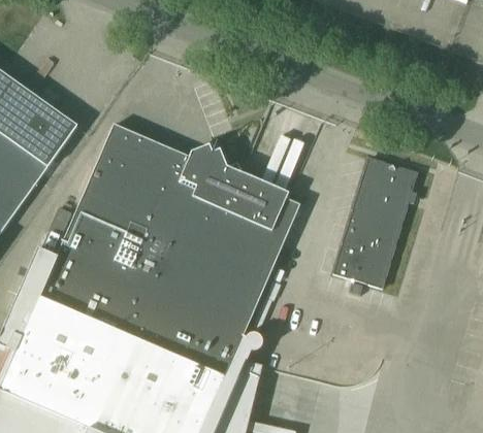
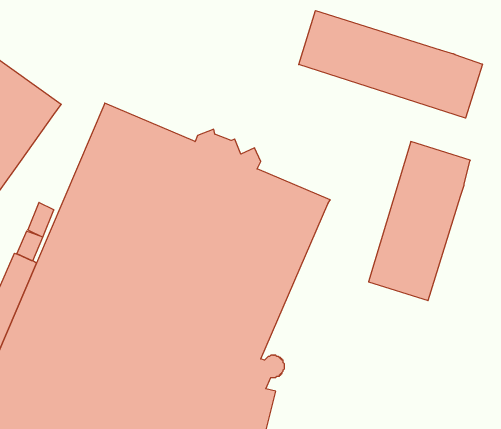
building: none -> [299,11,482,118]

